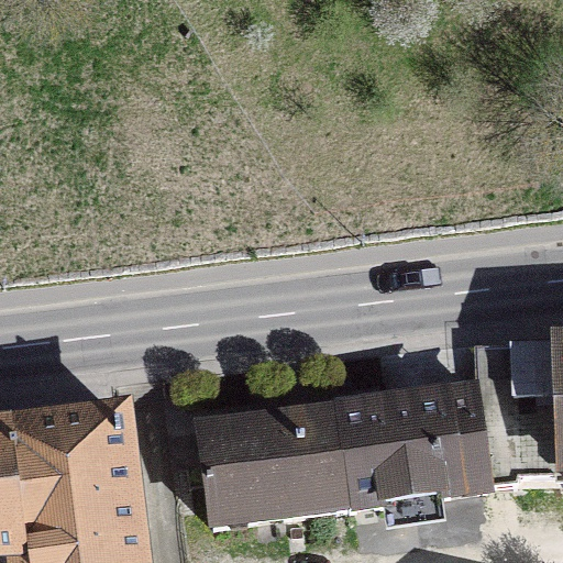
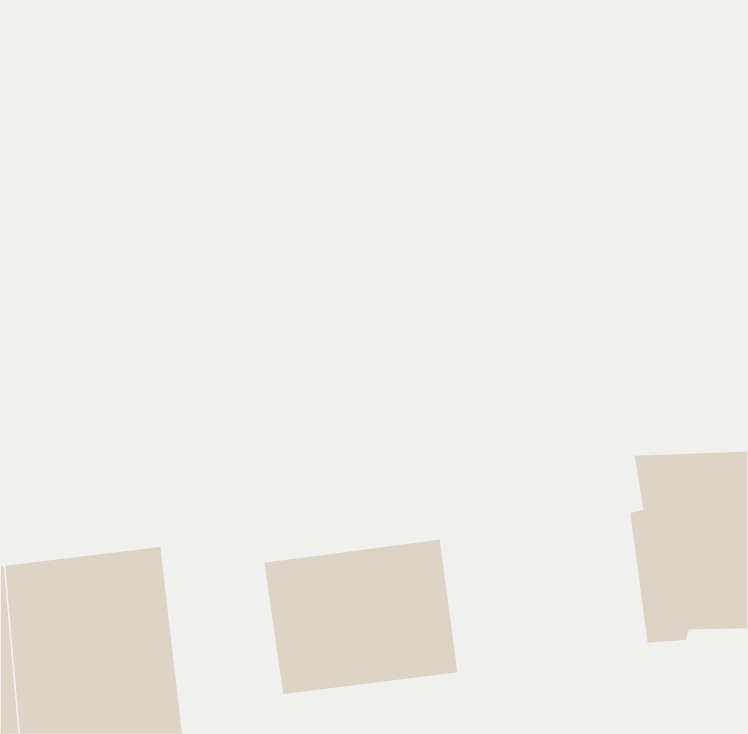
building: [331,385,486,505] -> none

